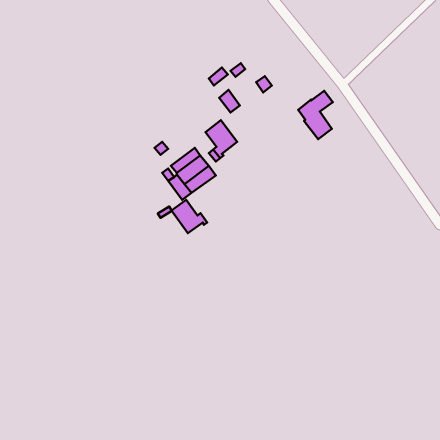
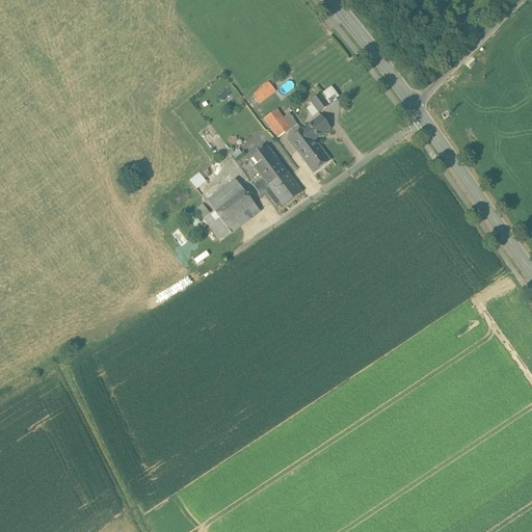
building: [298,91,333,139] -> [288,113,329,171]
building: none -> [267,170,301,205]
building: [171,200,207,233] -> none

